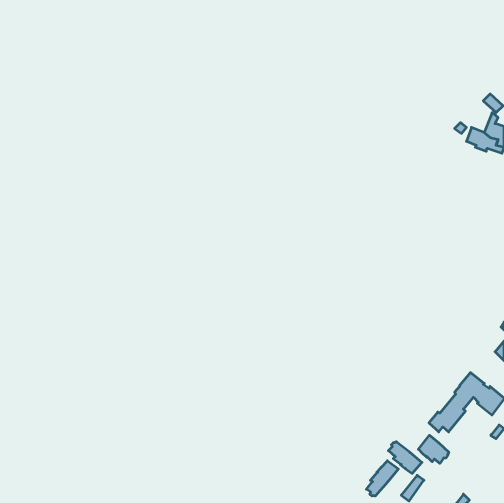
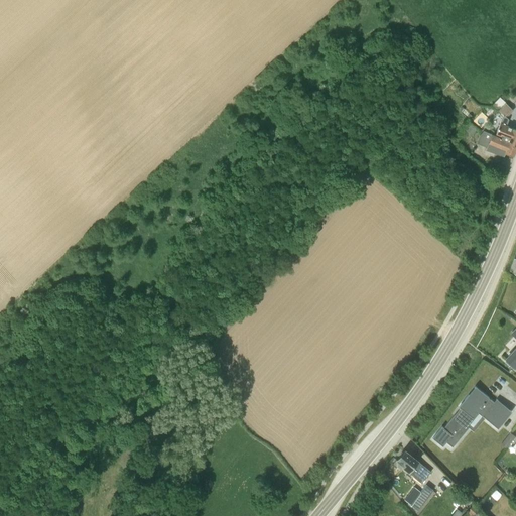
building: [418,435,449,463] -> none
building: [366,461,398,496] -> none

